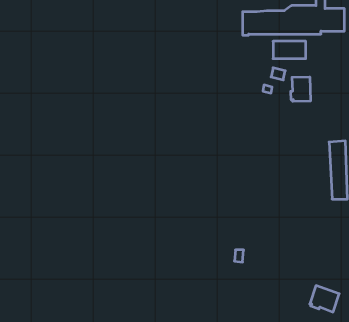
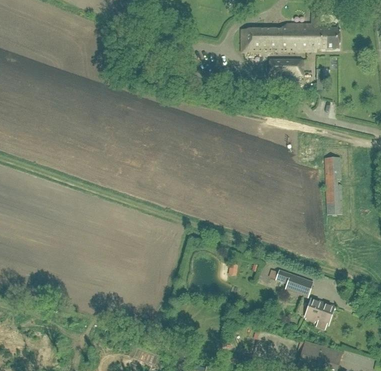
building: [291,77,310,101] -> none
building: none -> [275,270,313,298]

